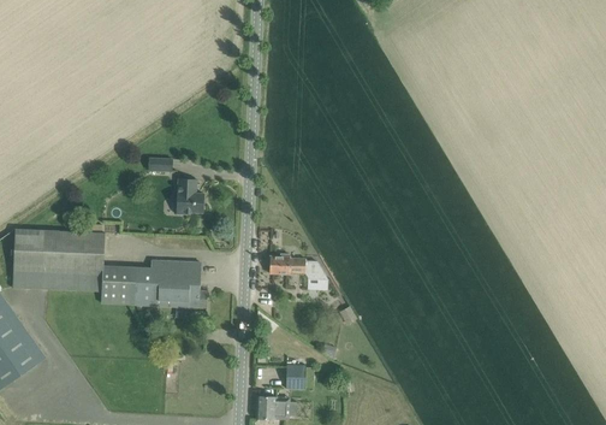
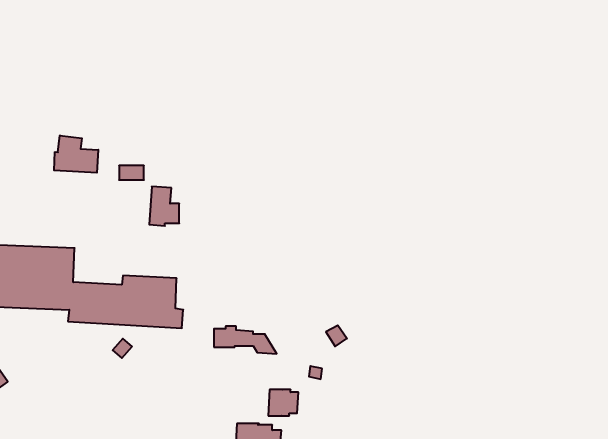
building: none -> [54,135,98,173]
building: [268,253,326,278] -> [214,326,277,354]

